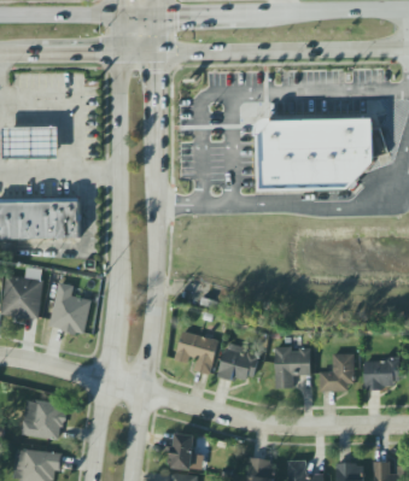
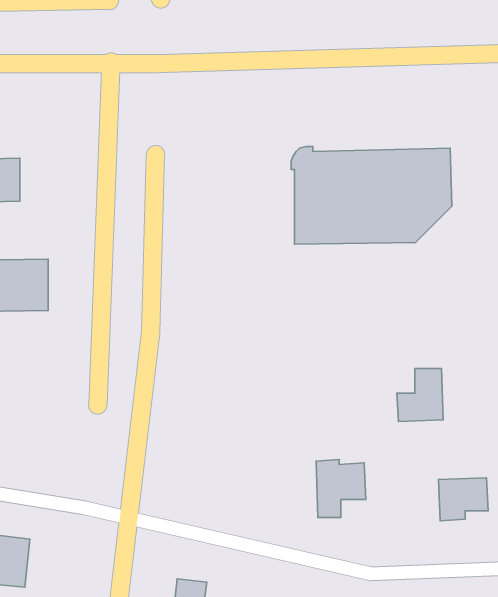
building: [48,282,90,334] -> none
building: [174,332,218,375] -> none
building: [218,345,258,382] -> none
building: [319,353,352,392] -> [397,368,443,421]

